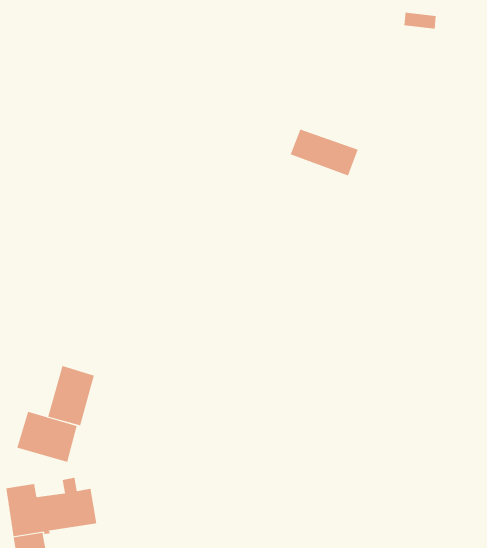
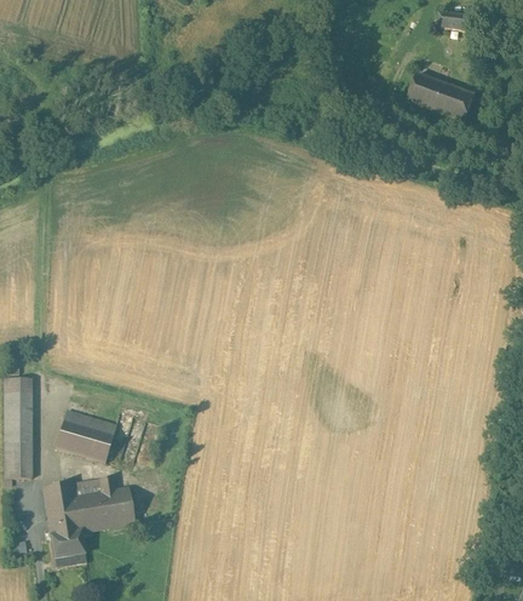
building: [290,129,358,176] -> [407,73,475,120]
building: [47,365,95,426] -> none

